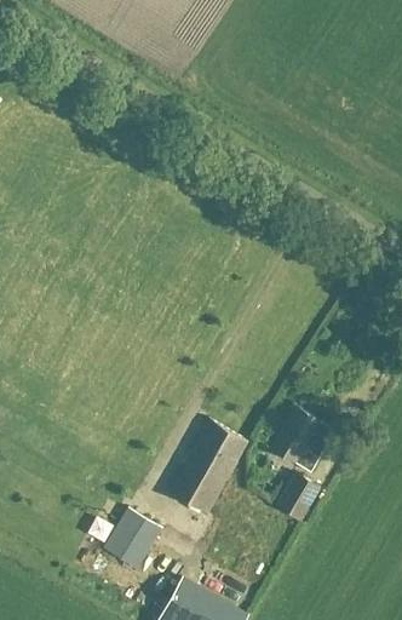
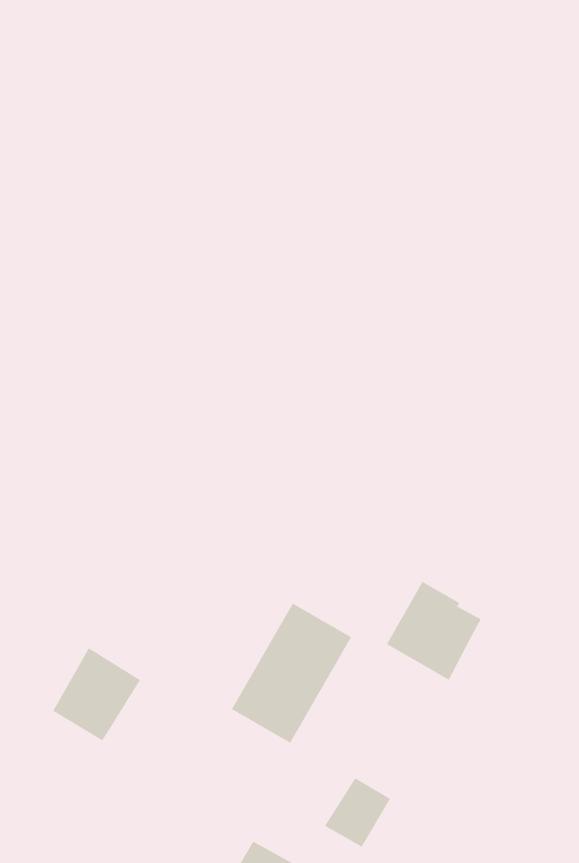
building: [276,476,321,523] -> [324,777,391,848]
building: [103,507,162,570] -> [52,648,141,741]

